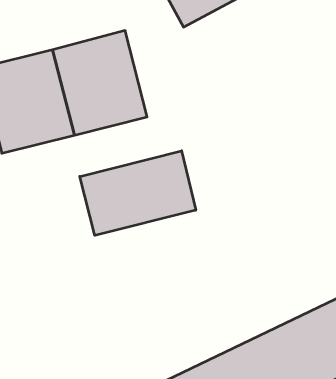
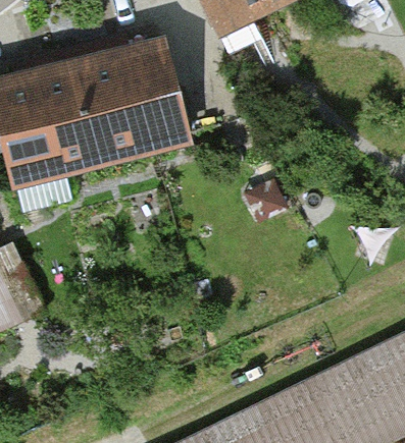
building: [80,151,196,235] -> none

